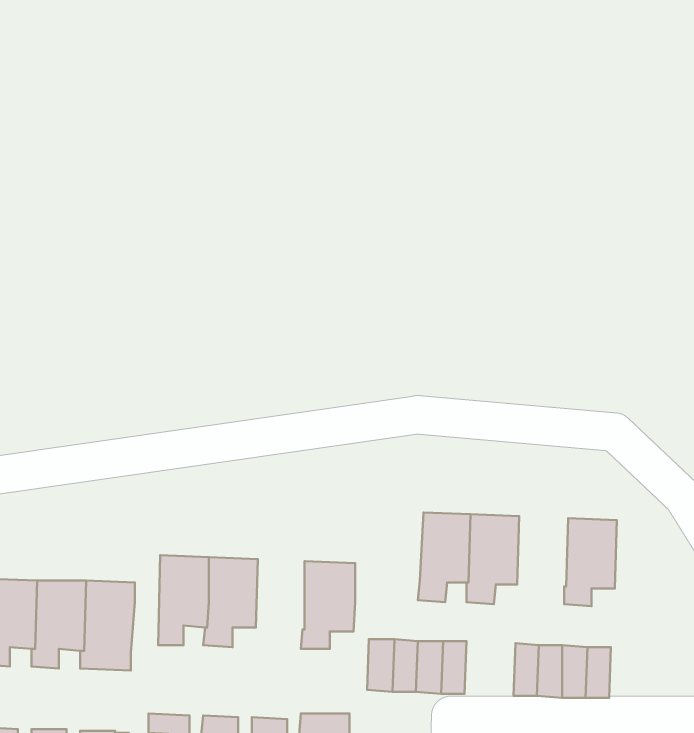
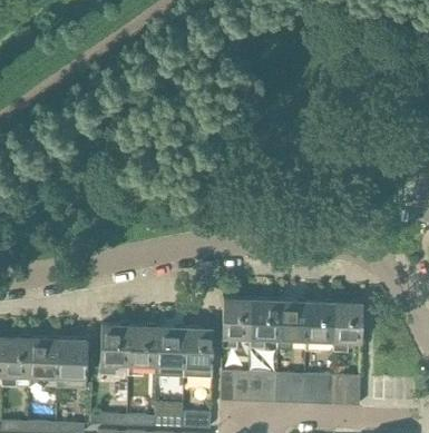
building: none -> [223,297,253,347]
building: none -> [305,301,335,351]
building: none -> [155,325,185,376]
building: none -> [276,372,305,403]

